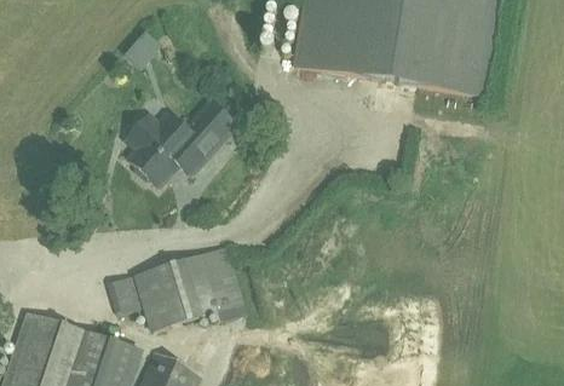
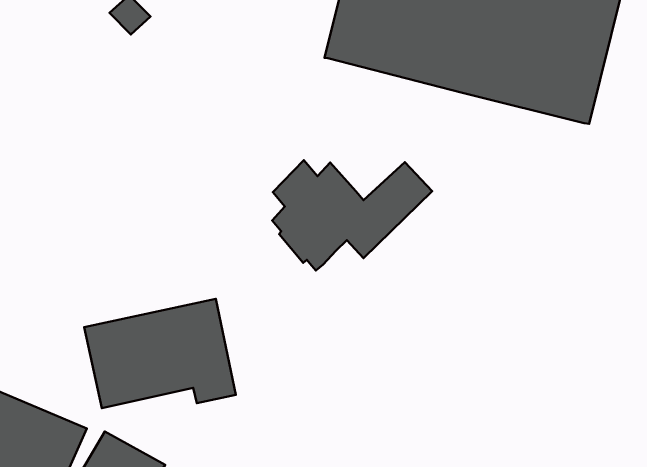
building: [122,105,238,190] -> [272,160,432,271]
building: [104,276,138,315] -> none

